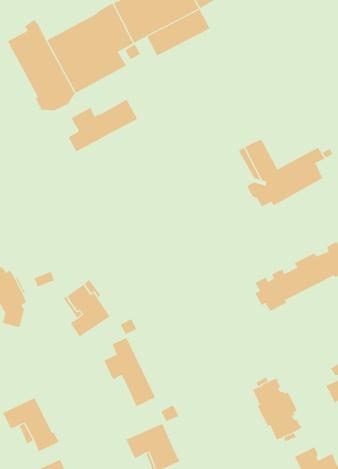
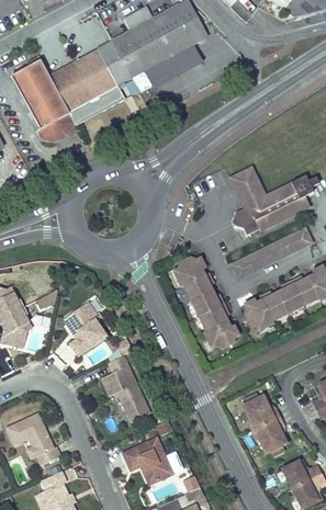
building: [68,99,138,152] -> none
building: none -> [232,226,313,279]
building: none -> [173,257,240,349]

